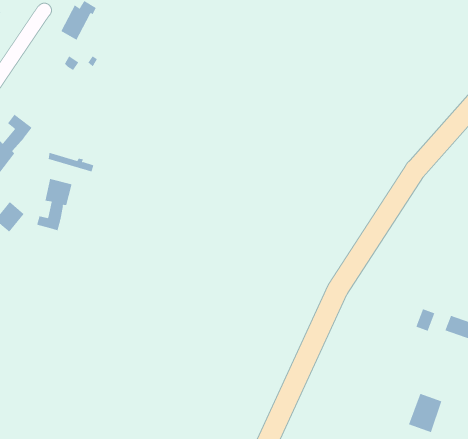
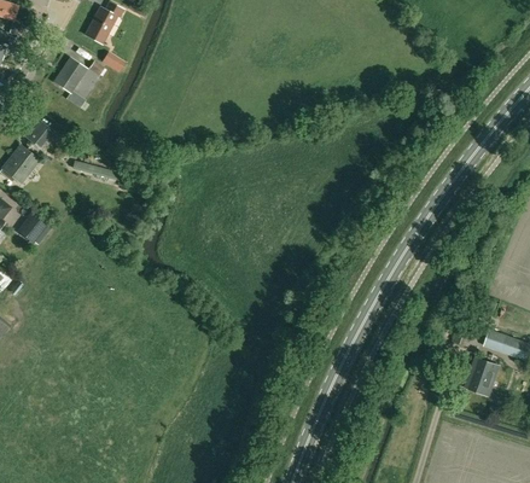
building: none -> [54,58,87,93]
building: [37,178,72,231] -> none
building: [408,393,442,433] -> [464,357,499,398]

